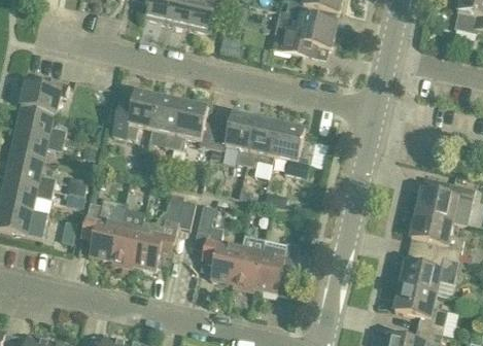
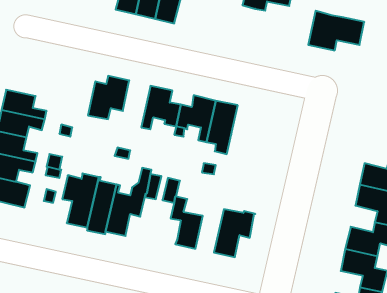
building: [273,10,336,55] -> [308,11,364,50]
building: [21,78,69,114] -> none
building: [151,96,182,148] -> none
building: [273,124,315,178] -> none
building: [232,235,265,291] -> none

